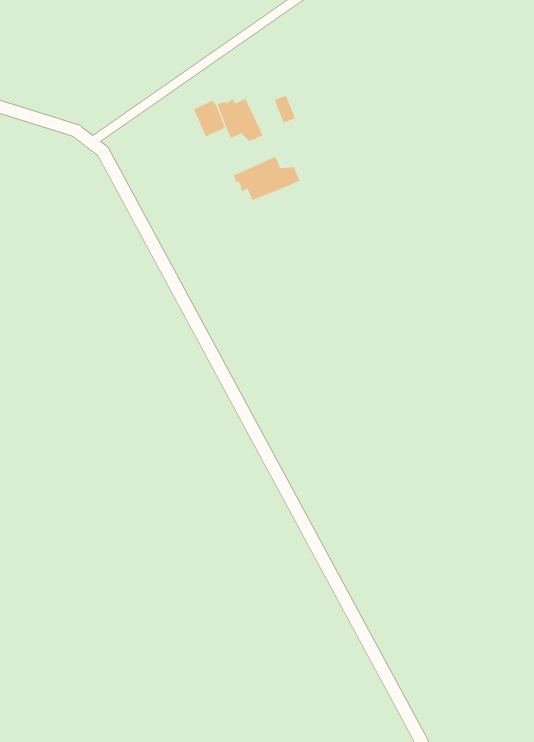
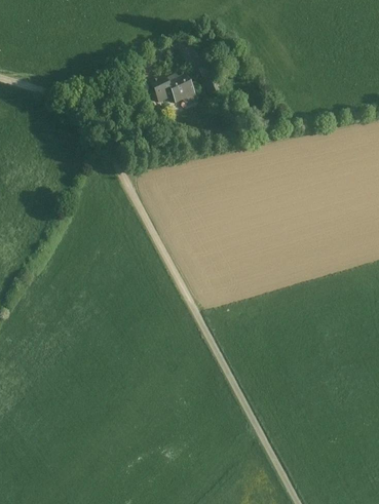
building: [233,156,300,201] -> none

